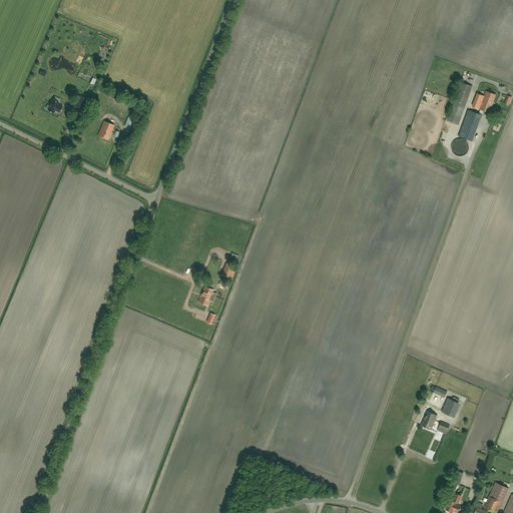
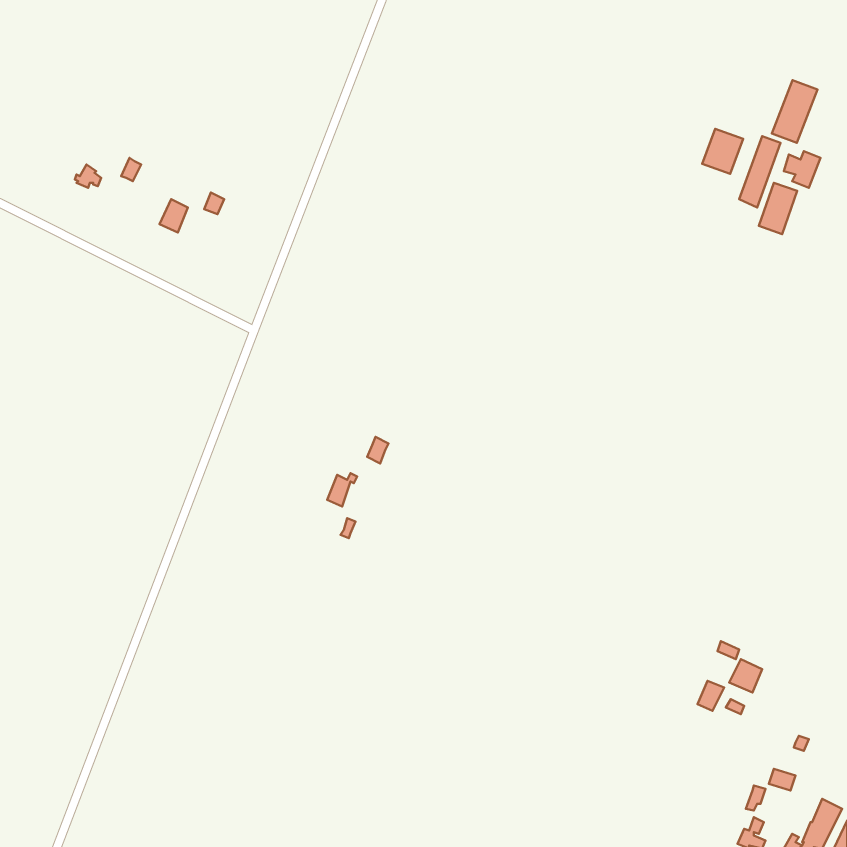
building: none -> [772,80,818,143]
building: none -> [702,129,743,174]

